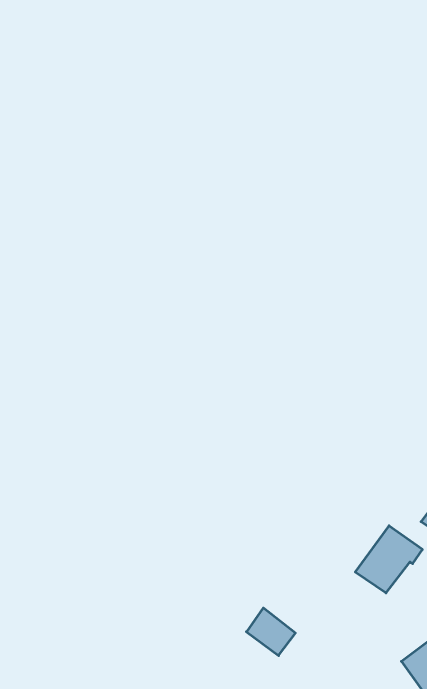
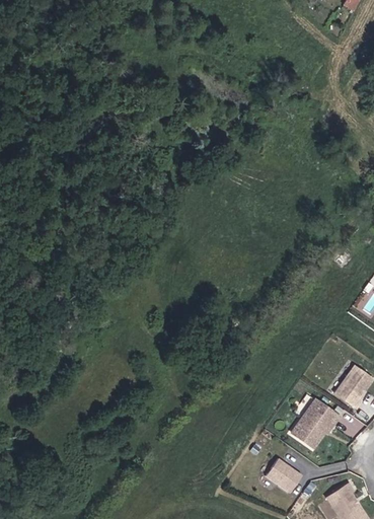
building: [246,608,295,656] -> [260,455,296,490]

